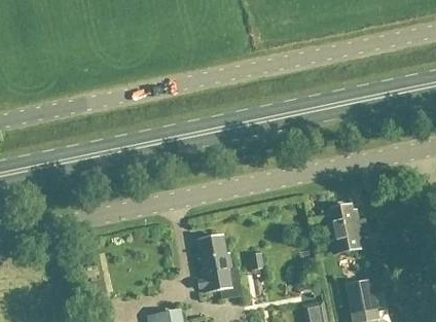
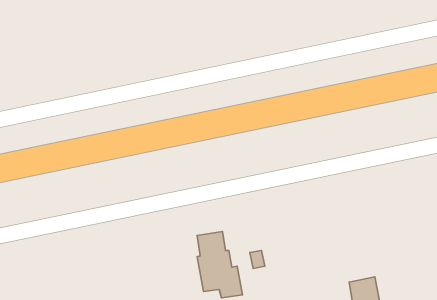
building: [325,201,368,252] -> none

